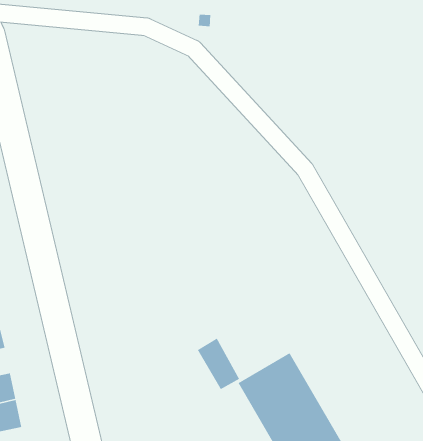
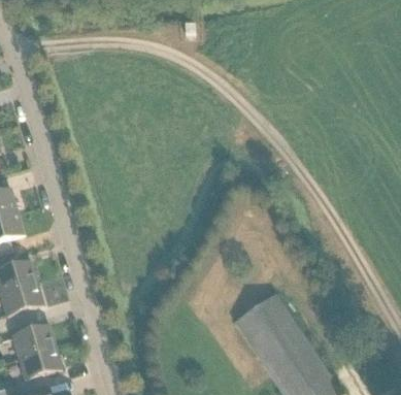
building: [197,338,240,390] -> none

